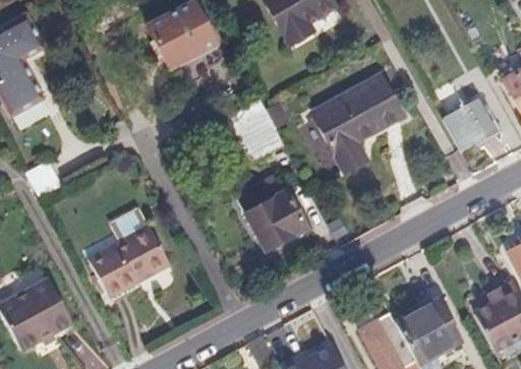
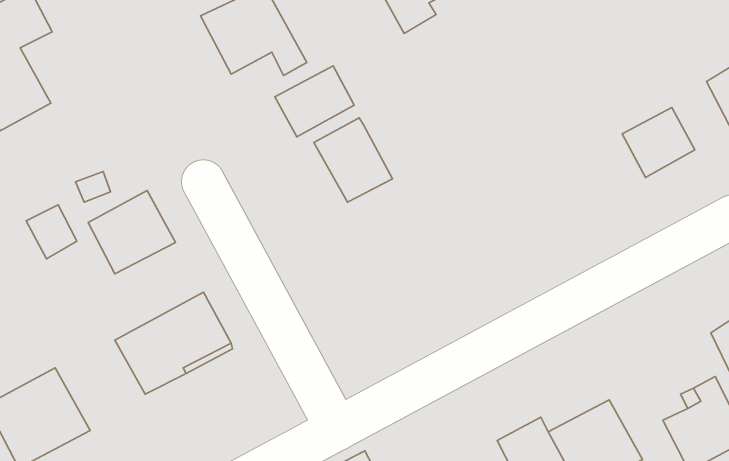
building: none -> [275,66,354,137]
building: [312,75,401,168] -> none
building: none -> [88,190,175,274]
building: [238,180,305,248] -> none

